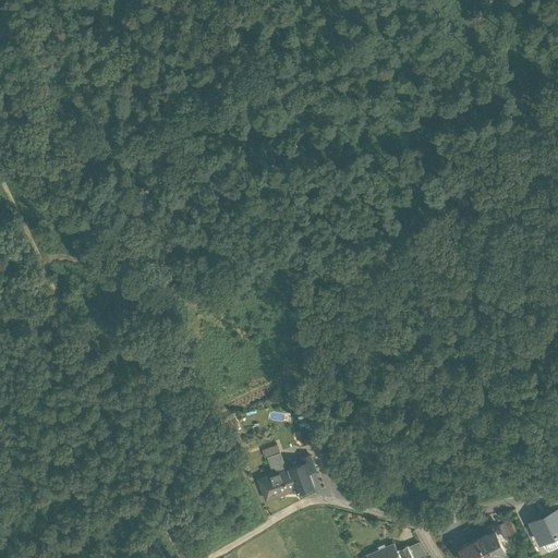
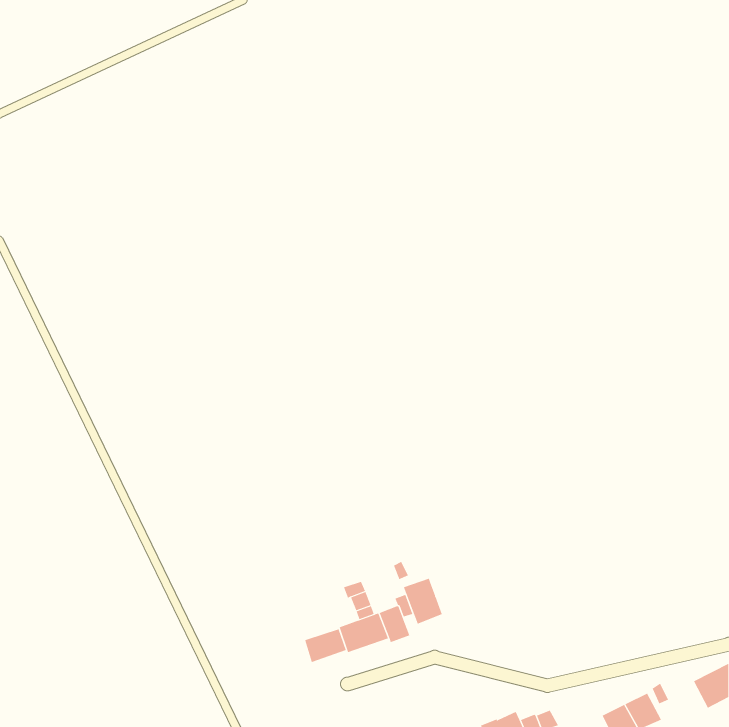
building: none -> [403,578,442,624]
building: none -> [304,628,347,663]

